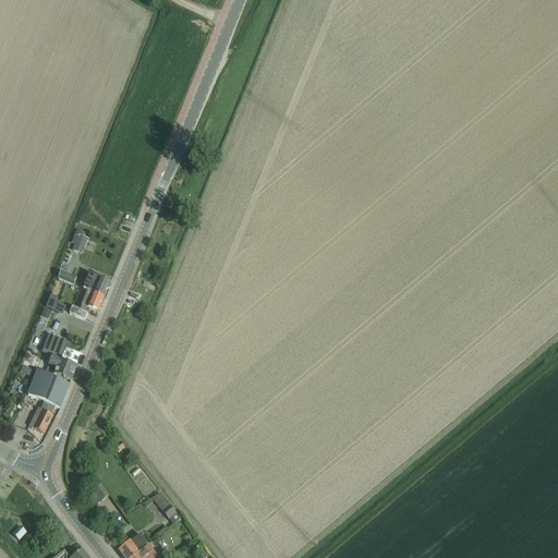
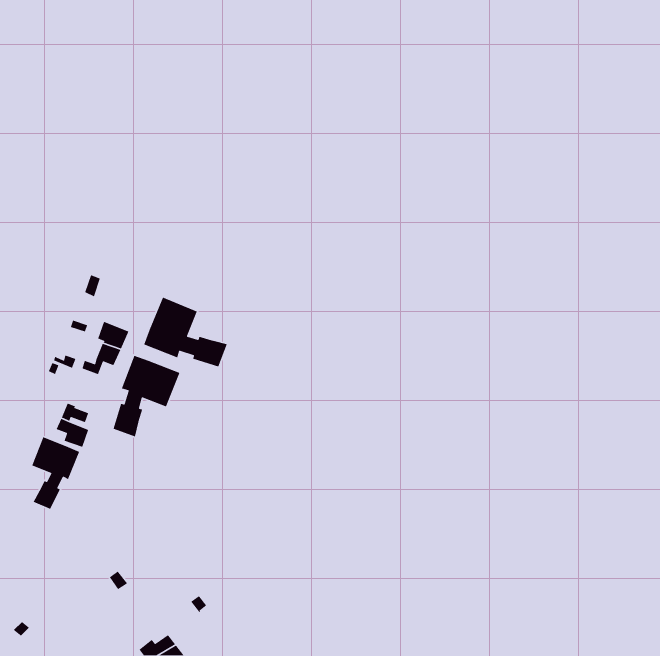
building: none -> [143,296,228,367]
building: none -> [113,355,181,438]

